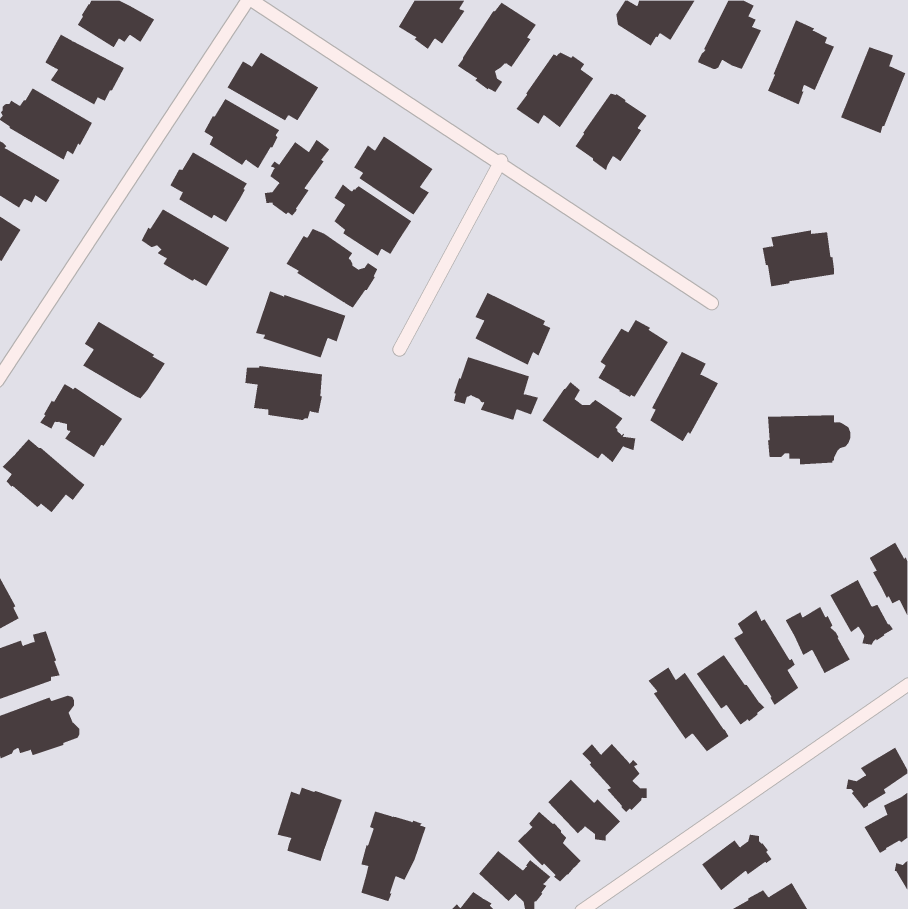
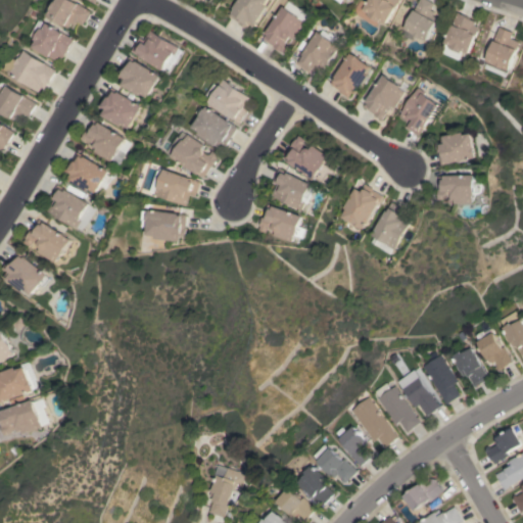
building: none -> [363,76,409,121]
building: [264,139,330,217] -> none
building: none -> [398,88,439,137]
building: none -> [63,153,108,193]
building: [541,381,636,463] -> [282,136,336,183]
building: [767,415,851,465] -> [438,176,486,204]
building: none -> [347,397,396,448]
building: [277,787,343,862] -> none

